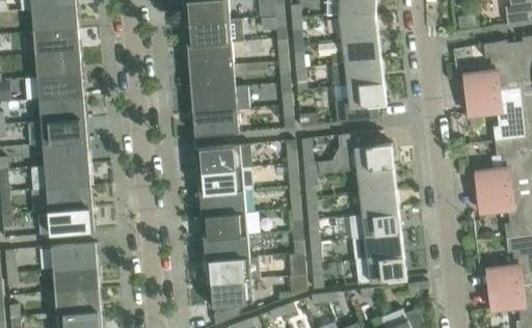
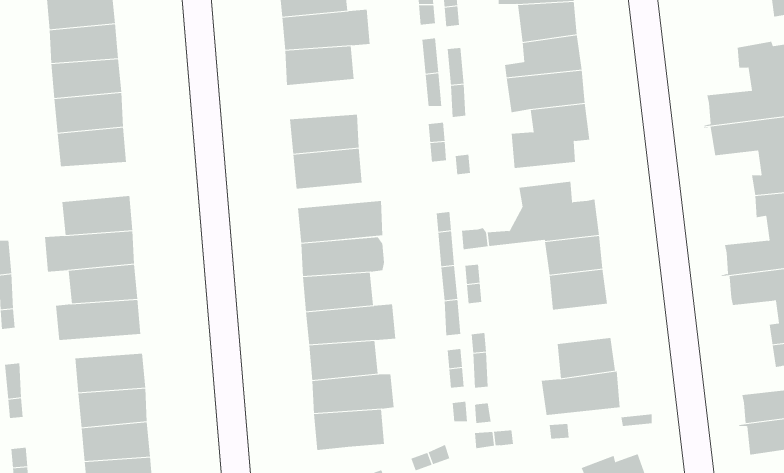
building: [188,64,235,90] -> none
building: [28,118,86,145] -> none
building: [348,211,400,239] -> none

